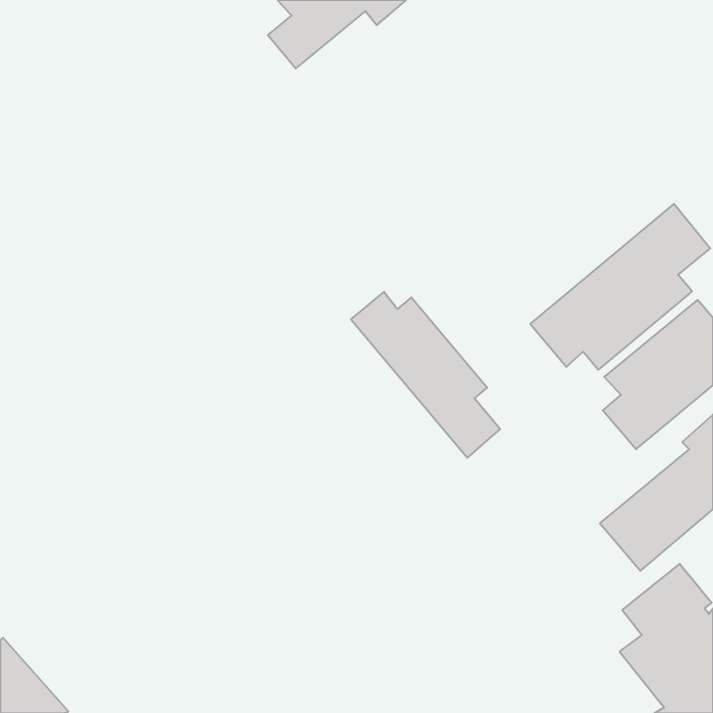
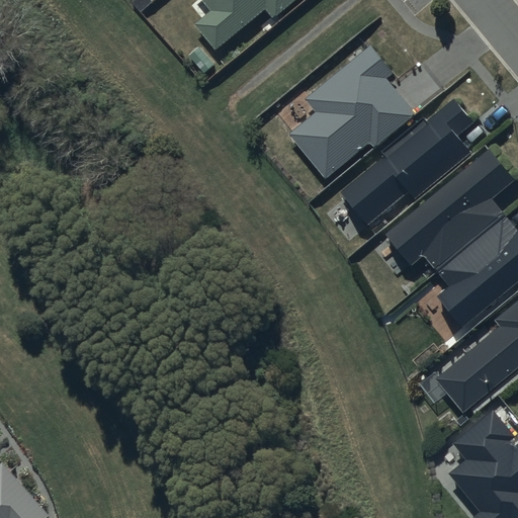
building: none -> [290,47,416,177]
building: none -> [343,98,476,223]
building: [351,292,500,458] -> none

